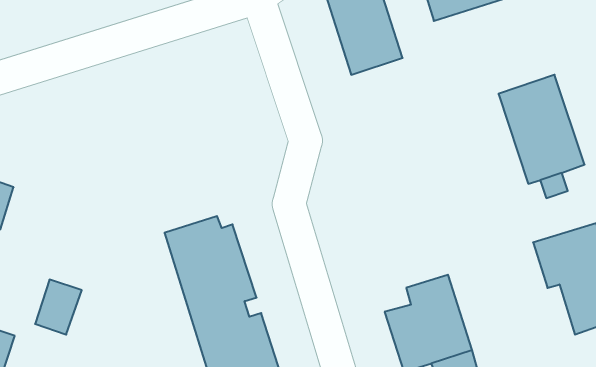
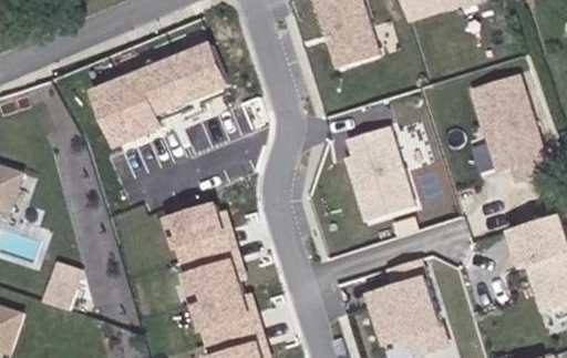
building: none -> [86,43,225,150]
building: none -> [338,125,416,225]

